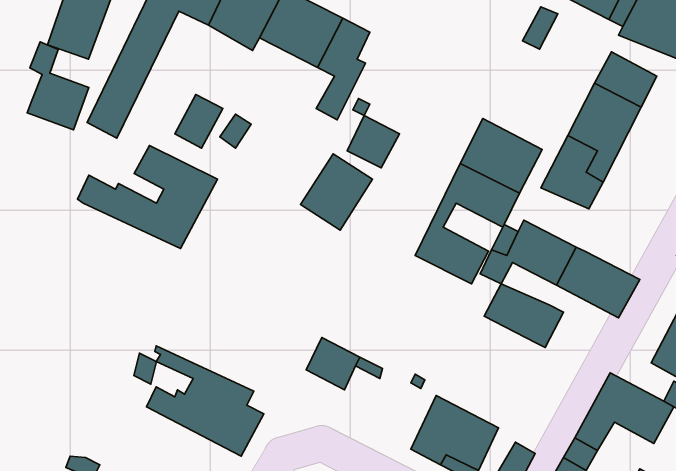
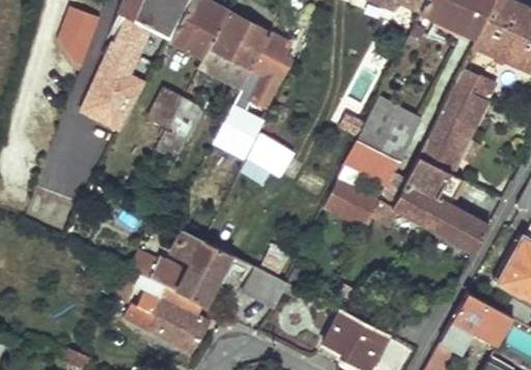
building: [27,42,89,130] -> none
building: [347,116,399,168] -> [222,113,260,151]
building: [77,145,217,249] -> [129,231,231,307]
building: [484,284,563,347] -> [402,158,460,204]

